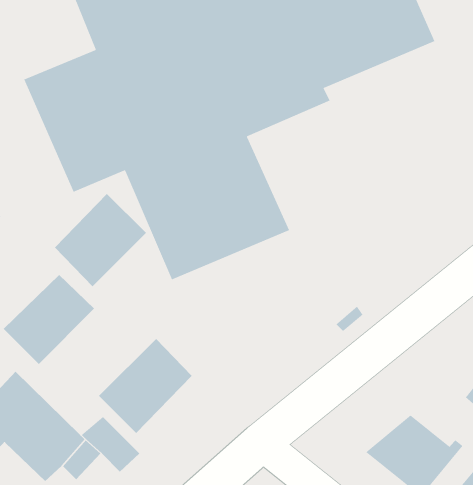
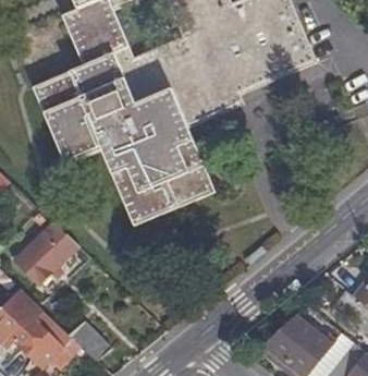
building: [54,193,147,287] -> none
building: [98,338,192,434] -> none

